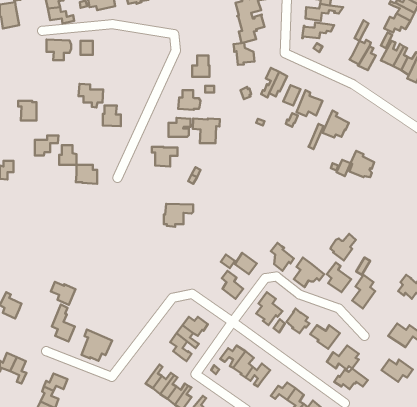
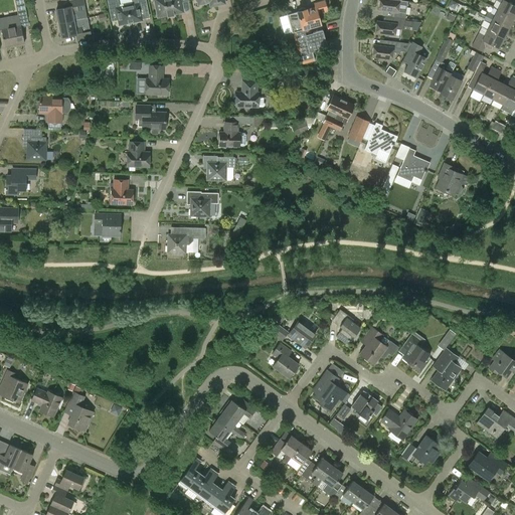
building: none -> [404,43,425,77]
building: [47,40,71,60] -> [39,98,69,123]
building: [234,43,255,65] -> none
building: none -> [147,67,169,97]
building: [79,84,103,108] -> [136,106,166,135]
building: [193,118,220,143] -> none
building: [35,136,59,155] -> [6,171,35,195]
building: [59,145,77,165] -> [111,180,132,204]
building: [350,151,374,177] -> [437,163,467,195]
building: [164,204,193,227] -> [168,227,204,255]
building: [331,234,356,260] -> none
building: [51,282,76,305] -> [31,388,61,416]
building: [82,330,112,361] -> none
building: [334,369,368,389] -> [448,479,489,504]
building: none -> [322,466,343,497]

